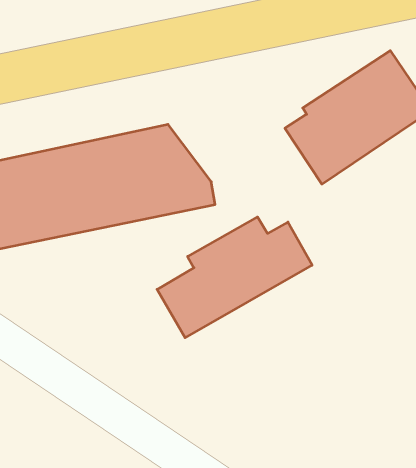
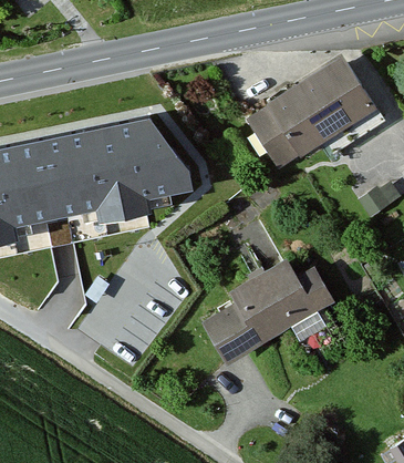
building: [157,217,312,338] -> [197,256,332,361]

